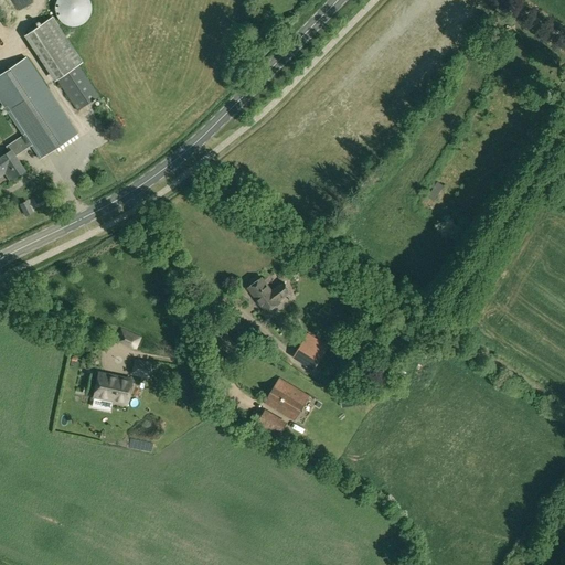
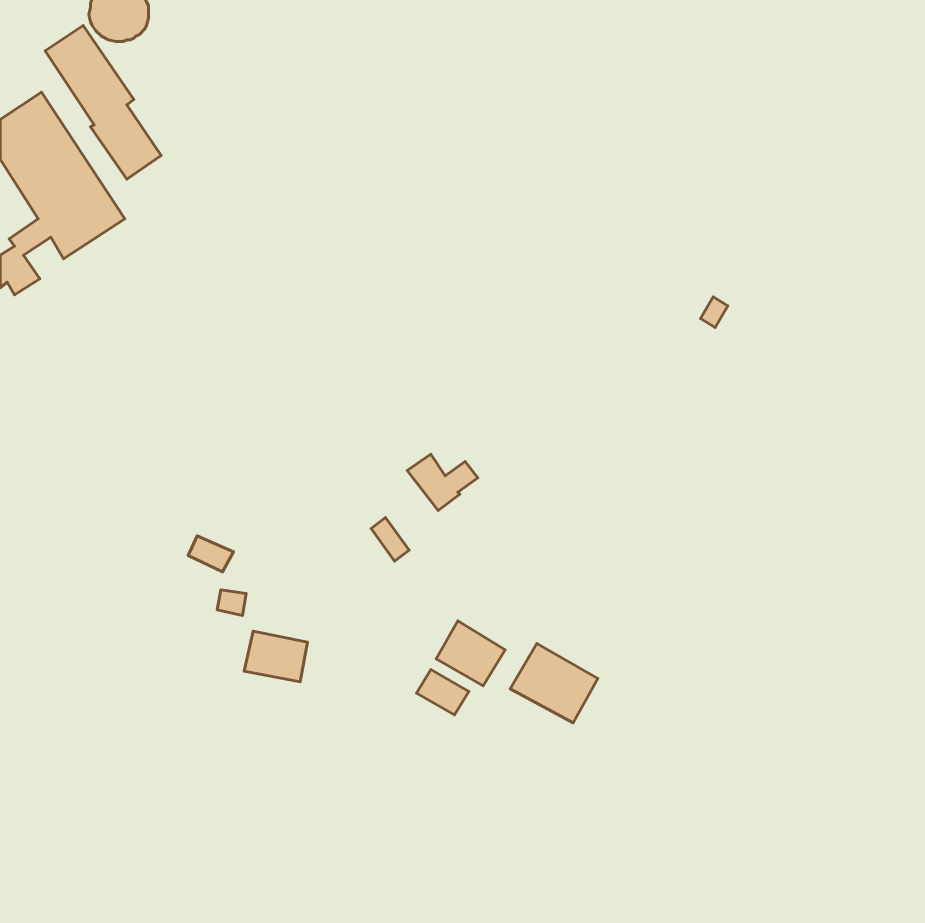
building: [296,334,328,365] -> none
building: [93,372,131,403] -> [244,631,307,682]
building: none -> [510,643,598,723]

